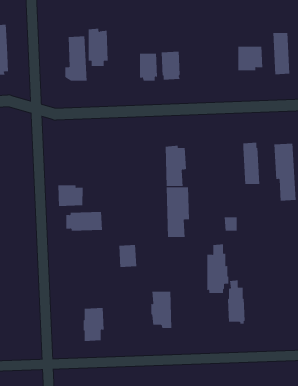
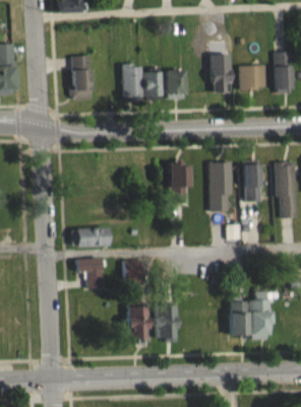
building: [88,28,109,66] -> [122,64,142,101]
building: none -> [209,53,231,92]
building: [58,184,83,207] -> none
building: [166,187,190,237] -> [209,161,233,211]
building: none -> [76,258,103,287]
building: [206,244,229,294] -> [250,290,273,339]
building: [83,307,105,341] -> [126,307,147,340]

